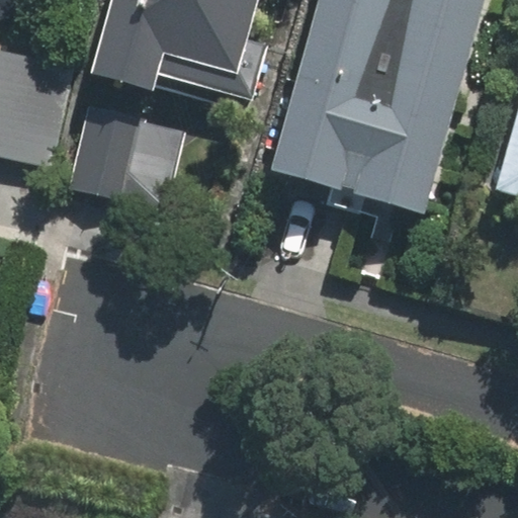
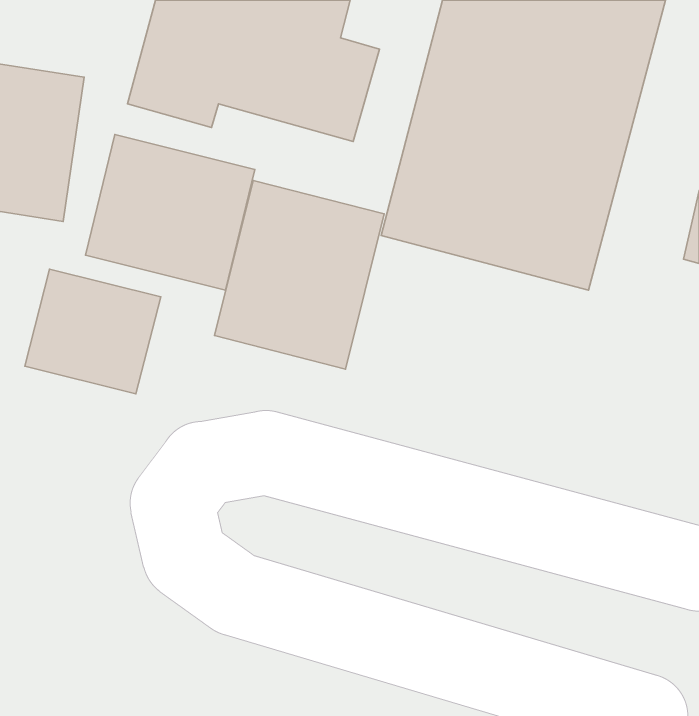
building: none -> [215,180,384,369]
building: none -> [25,269,161,394]

